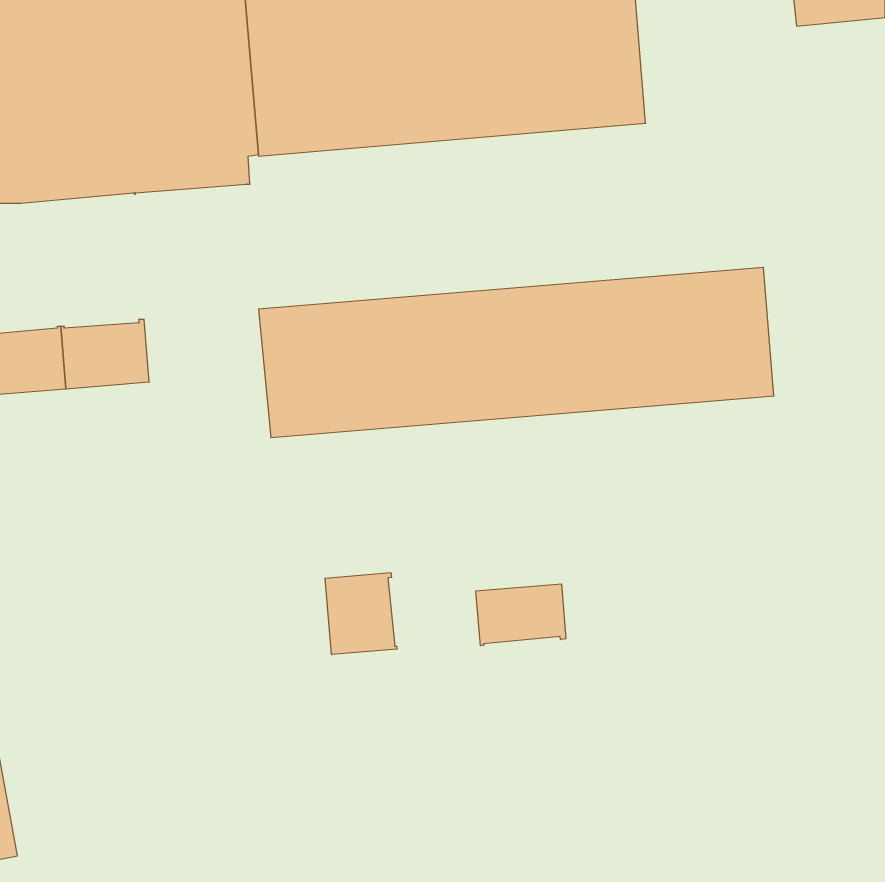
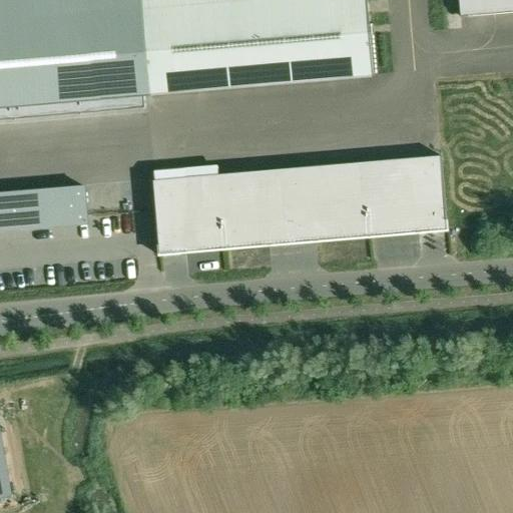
building: [325,573,397,655] -> none
building: [476,584,566,646] -> none

